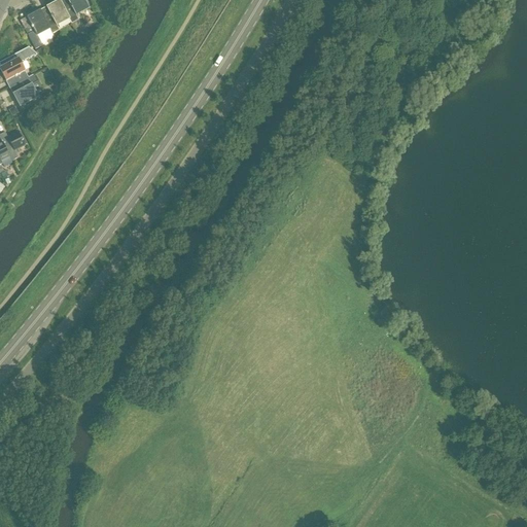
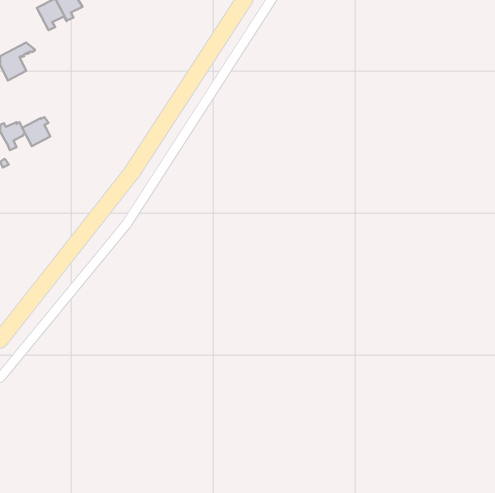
building: [20,8,51,48] -> none
building: [8,74,38,105] -> [22,117,50,146]

